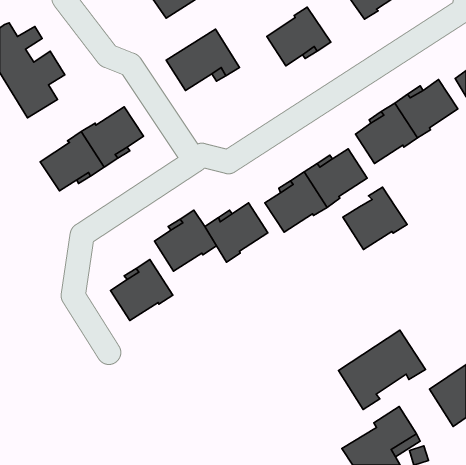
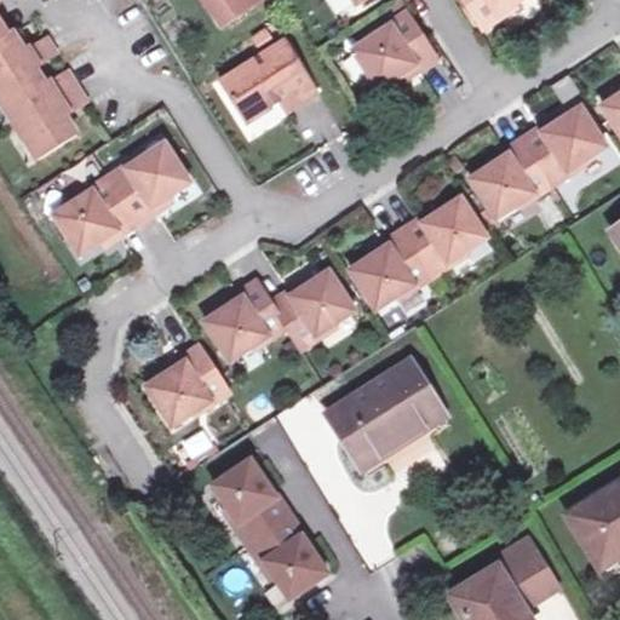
building: [343,187,407,249] -> none
building: [339,330,425,410] -> [328,362,443,467]
building: none -> [213,459,328,599]

